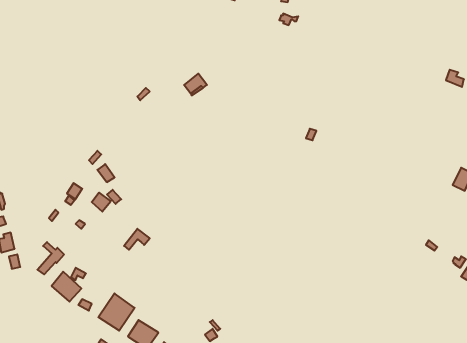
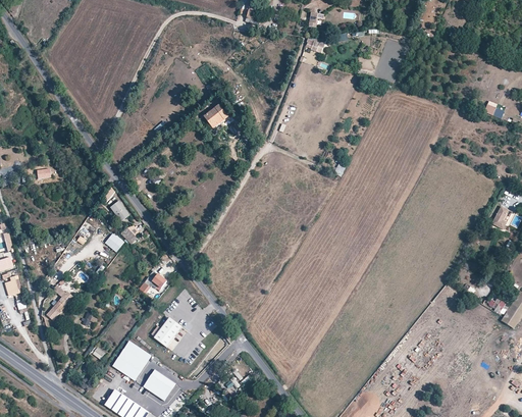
building: [52,272,81,302] -> none
building: none -> [154,317,181,347]

